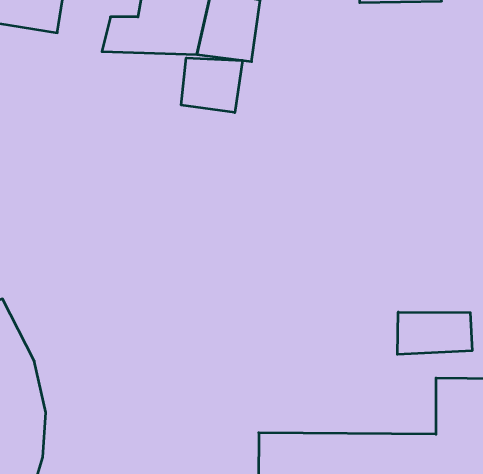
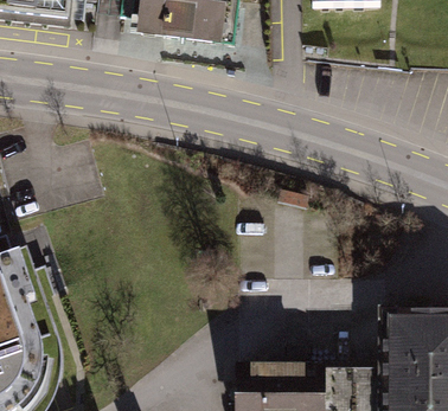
building: [181,58,242,113] -> none
building: [397,312,472,354] -> none

